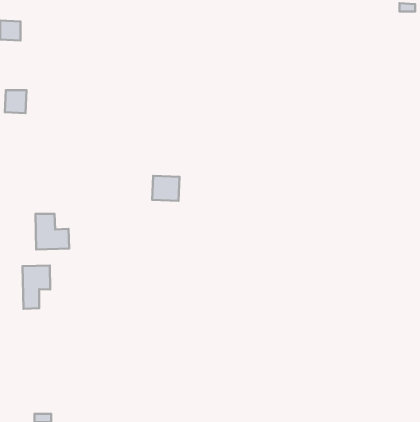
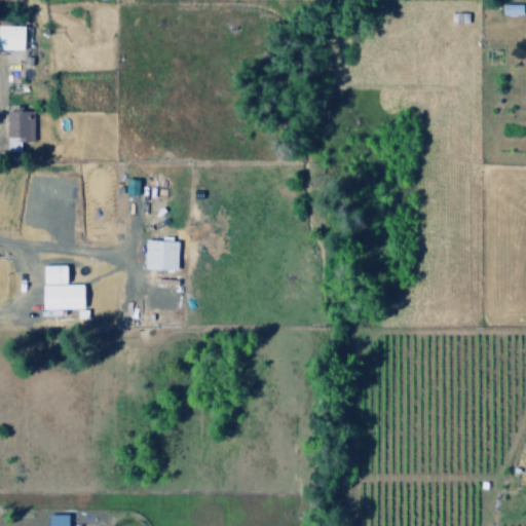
building: [152,176,179,201] -> [141,240,175,271]
building: [22,265,50,309] -> none

